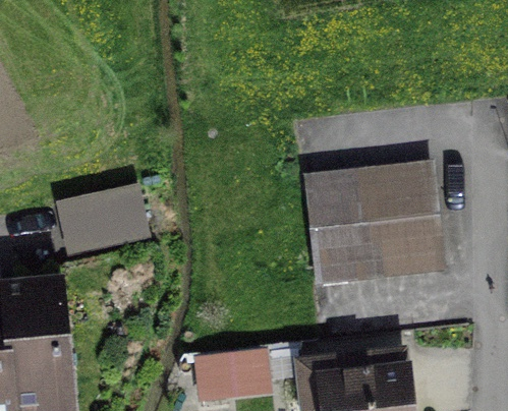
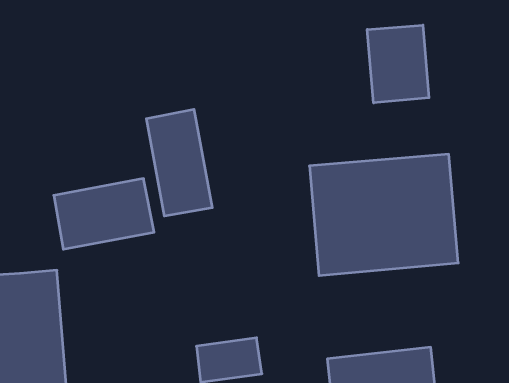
building: none -> [367,25,429,103]
building: none -> [146,109,212,216]

